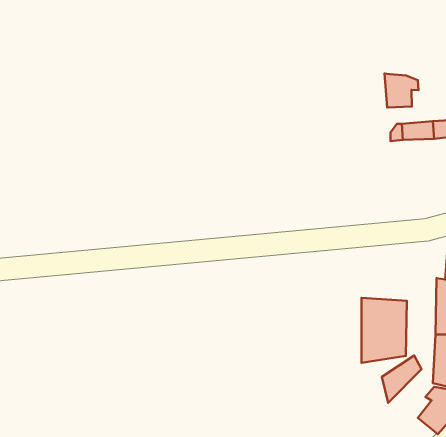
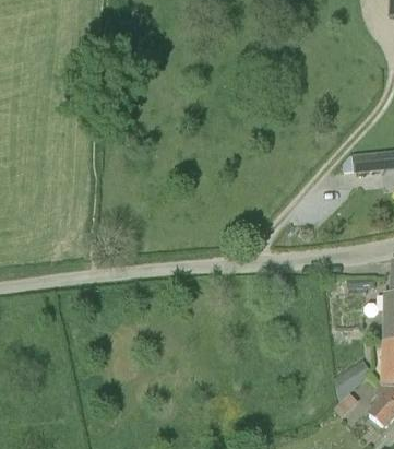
building: [384,74,418,108] -> none
building: [362,298,407,363] -> none

